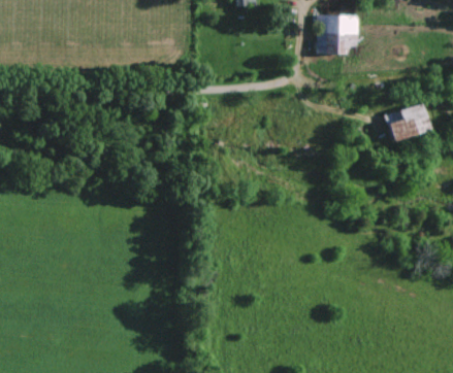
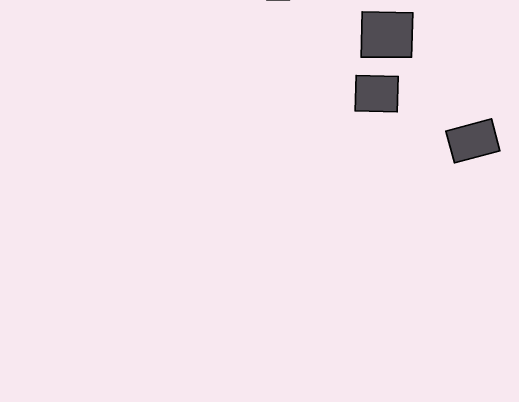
building: none -> [355,75,398,112]

